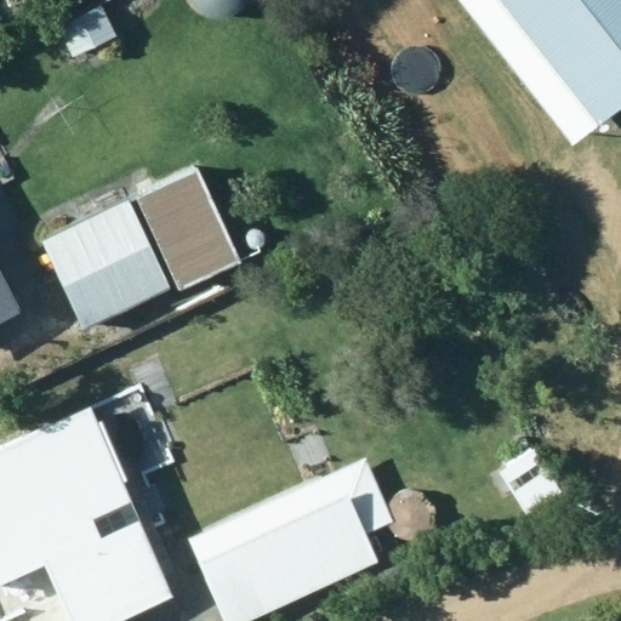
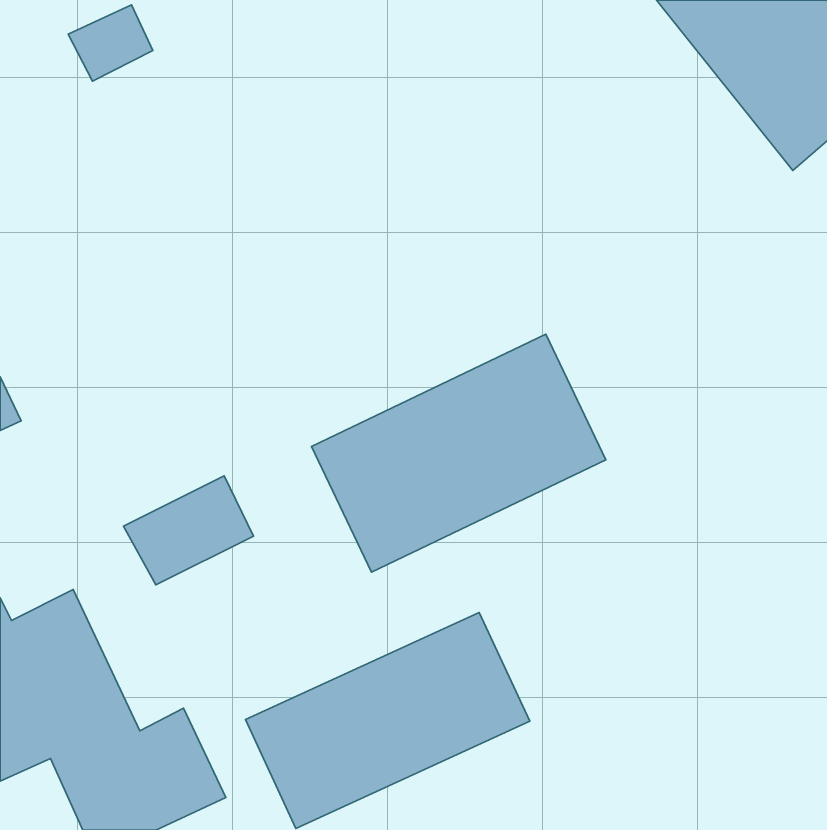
building: [44,169,237,330] -> none
building: none -> [312,334,606,572]

